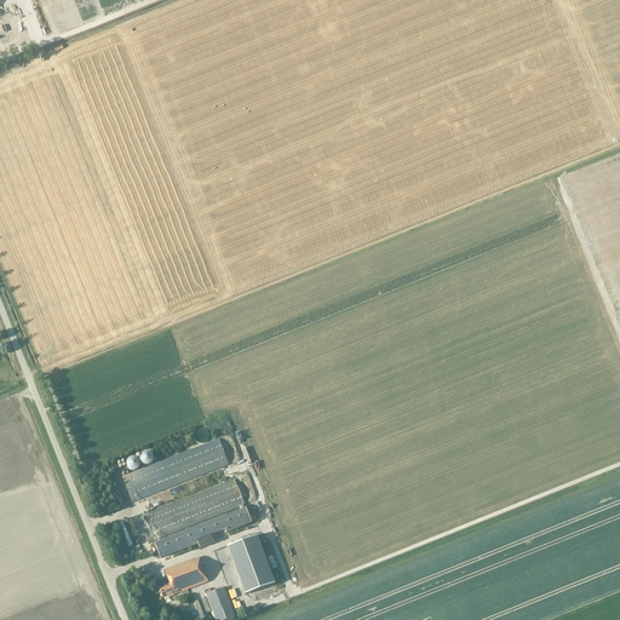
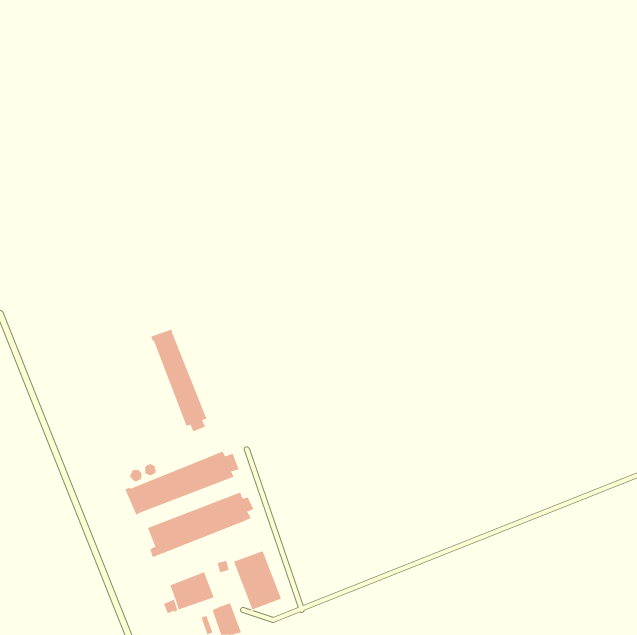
building: none -> [151,329,207,432]
building: [154,505,251,557] -> none

